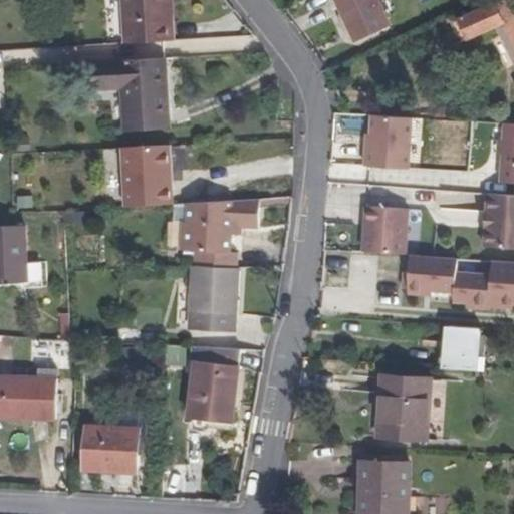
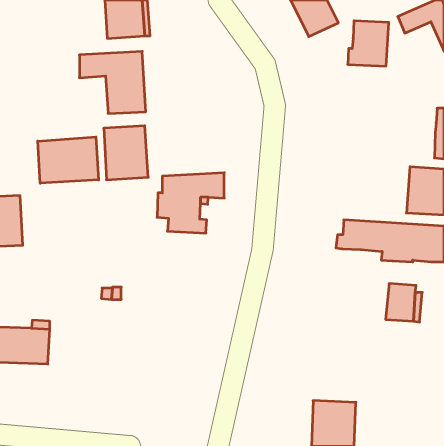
building: [363,115,411,168] -> [348,21,389,66]
building: none -> [38,137,99,183]
building: [347,206,393,253] -> none
building: [189,266,237,332] -> none
building: [188,347,240,423] -> none
building: [376,375,431,441] -> none
building: [83,426,139,473] -> none

